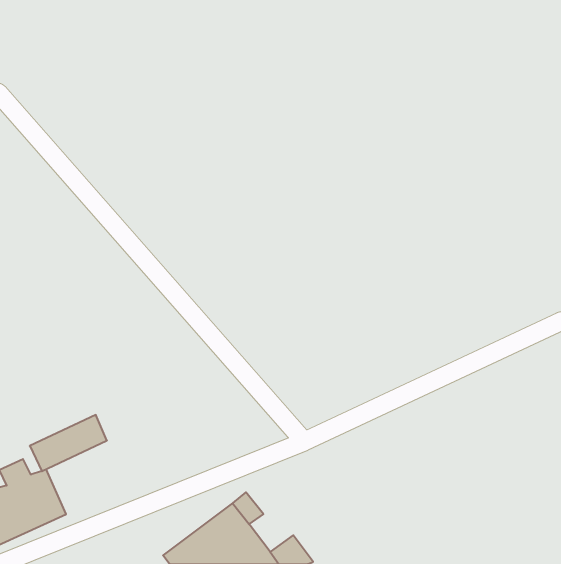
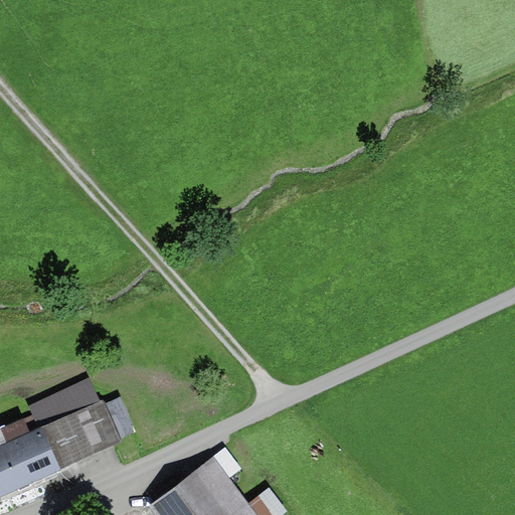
building: none -> [42,400,120,469]

